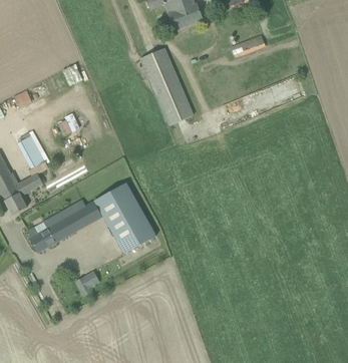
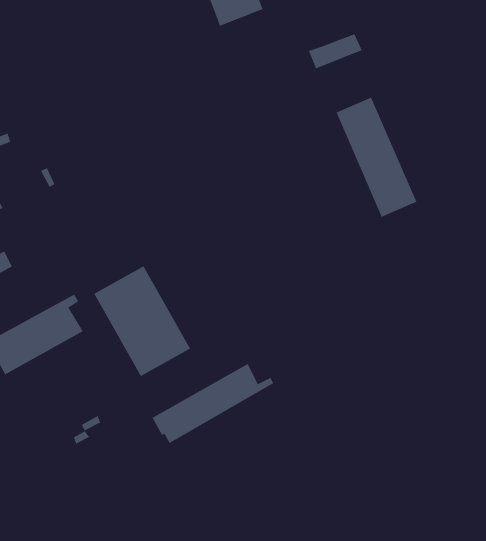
building: [140,47,193,124] -> [335,96,417,218]
building: none -> [152,363,274,444]

